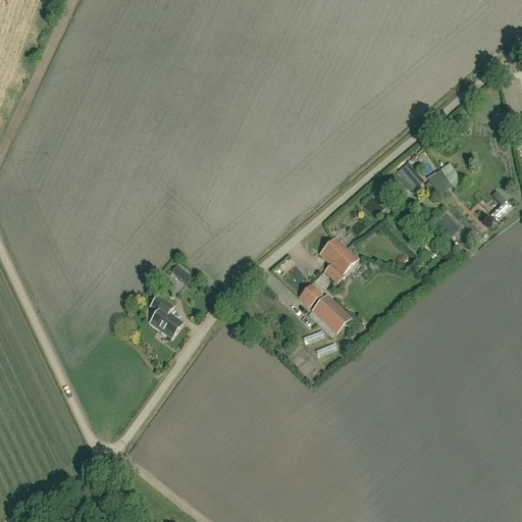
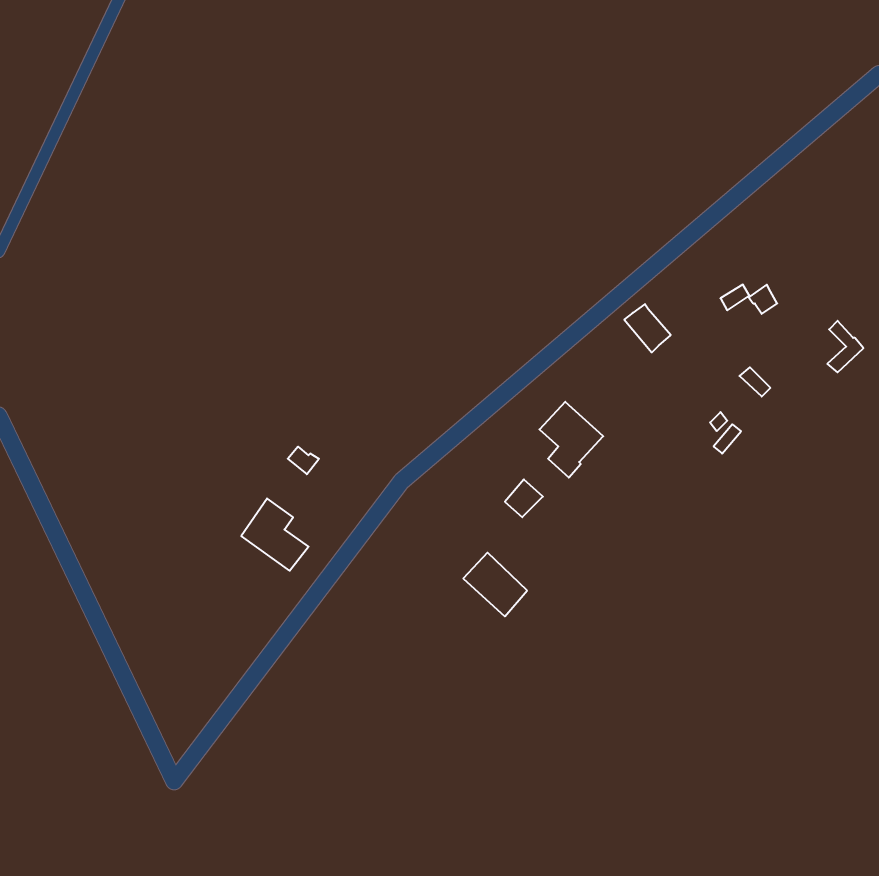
building: [396,161,423,190] -> [624,304,671,352]
building: [312,295,350,332] -> [463,553,527,616]

